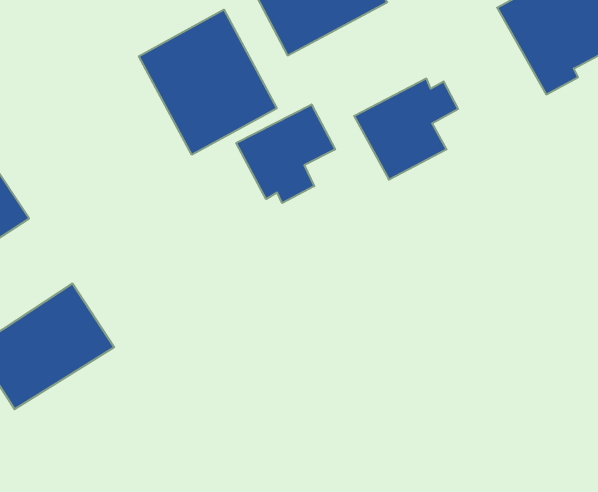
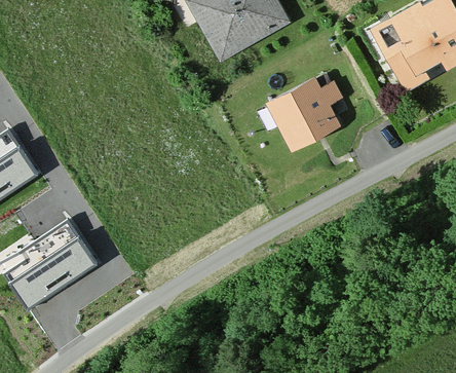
building: [139,10,277,155] -> none
building: [236,104,335,203] -> none

